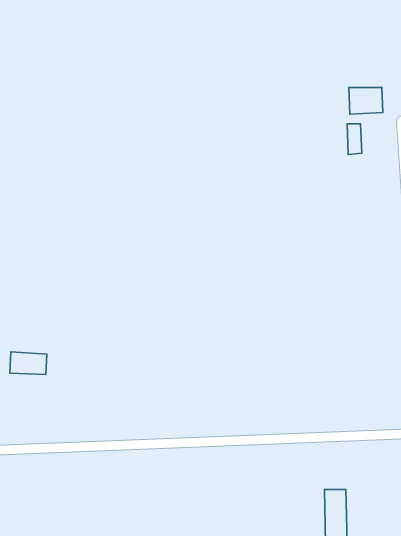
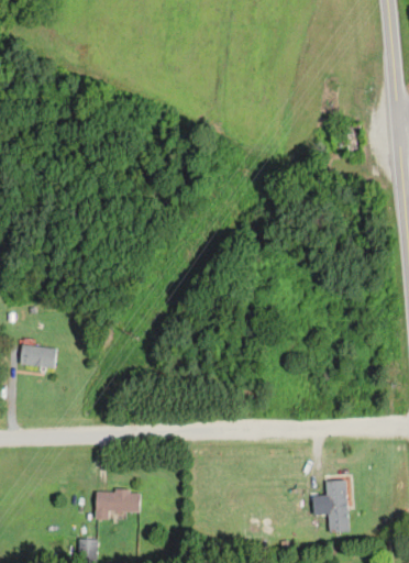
building: [349,87,383,114] -> none
building: none -> [96,492,140,519]

